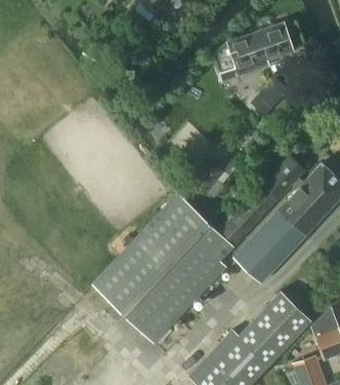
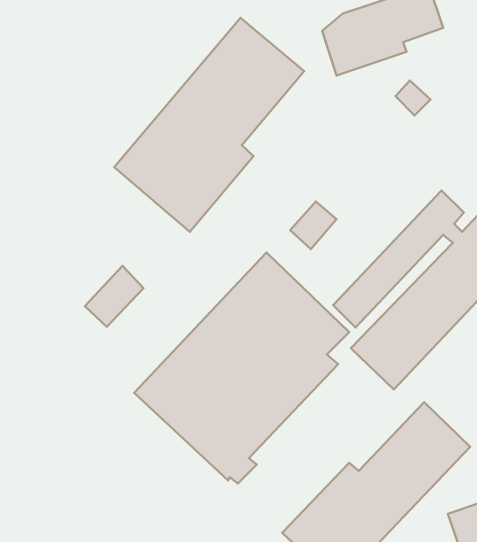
building: none -> [114,18,304,232]
building: none -> [85,266,144,327]

